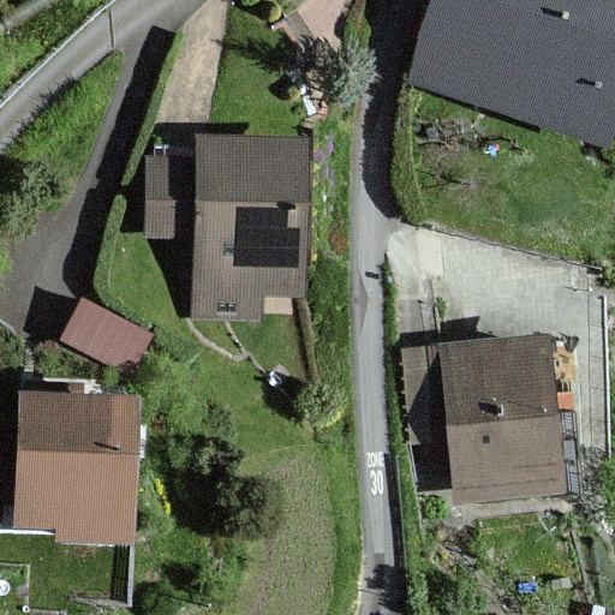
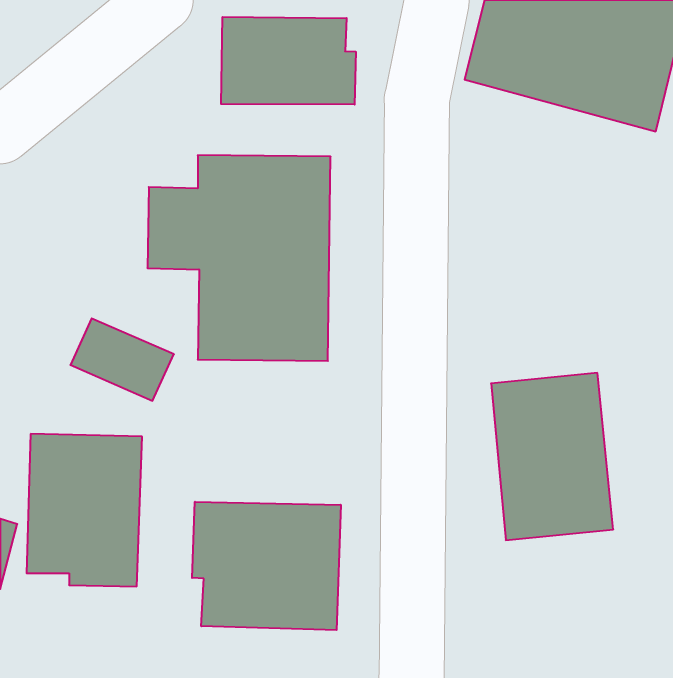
building: none -> [221,17,356,105]
building: none -> [192,502,341,630]

